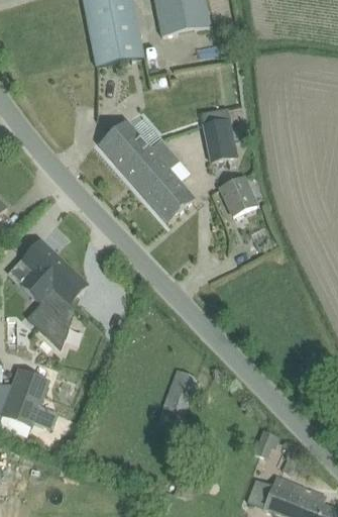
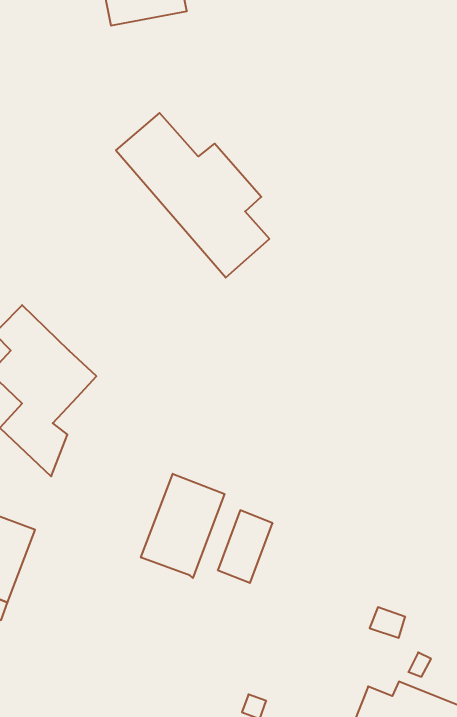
building: [200,116,236,161] -> none
building: [219,175,257,216] -> none
building: none -> [141,474,225,578]

